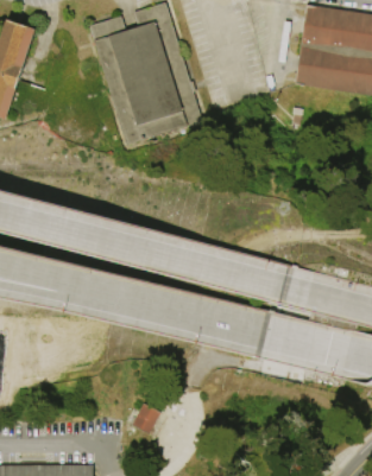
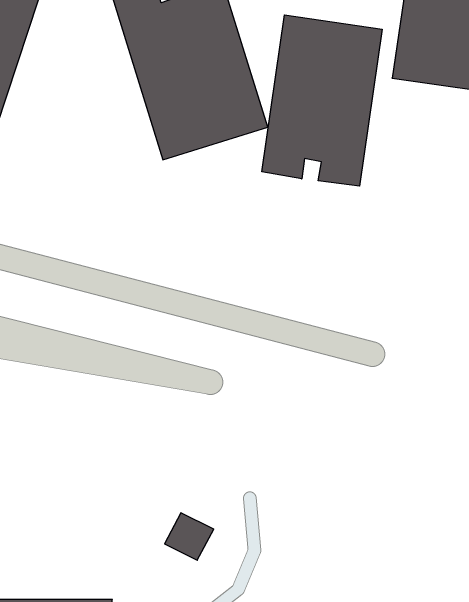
building: none -> [262,15,382,186]

